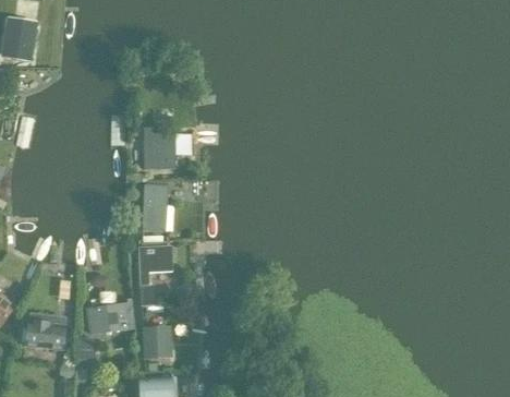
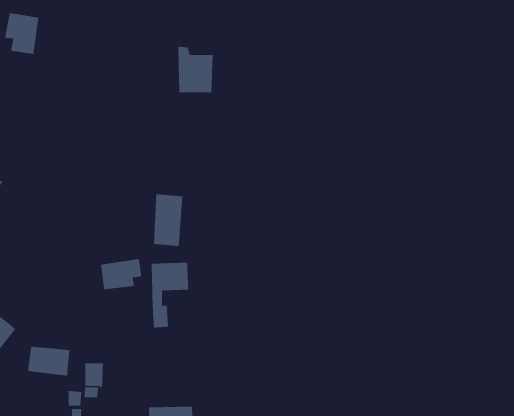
building: [142,127,174,169] -> [177,46,213,93]
building: [86,303,124,332] -> [100,259,142,290]
building: [145,327,172,357] -> none

